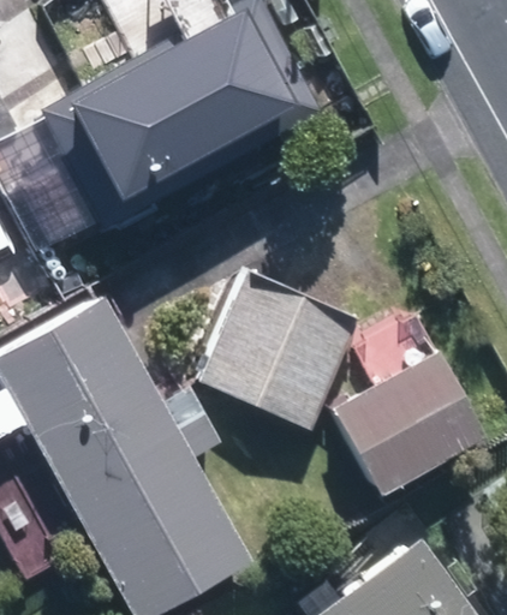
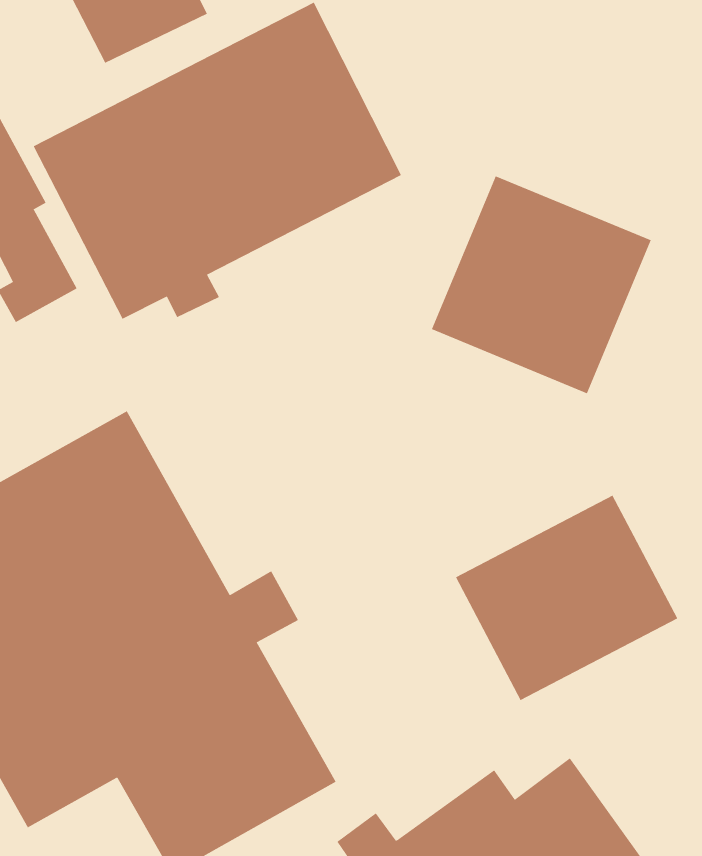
building: none -> [431,175,651,394]
building: [196,271,363,431] -> none

